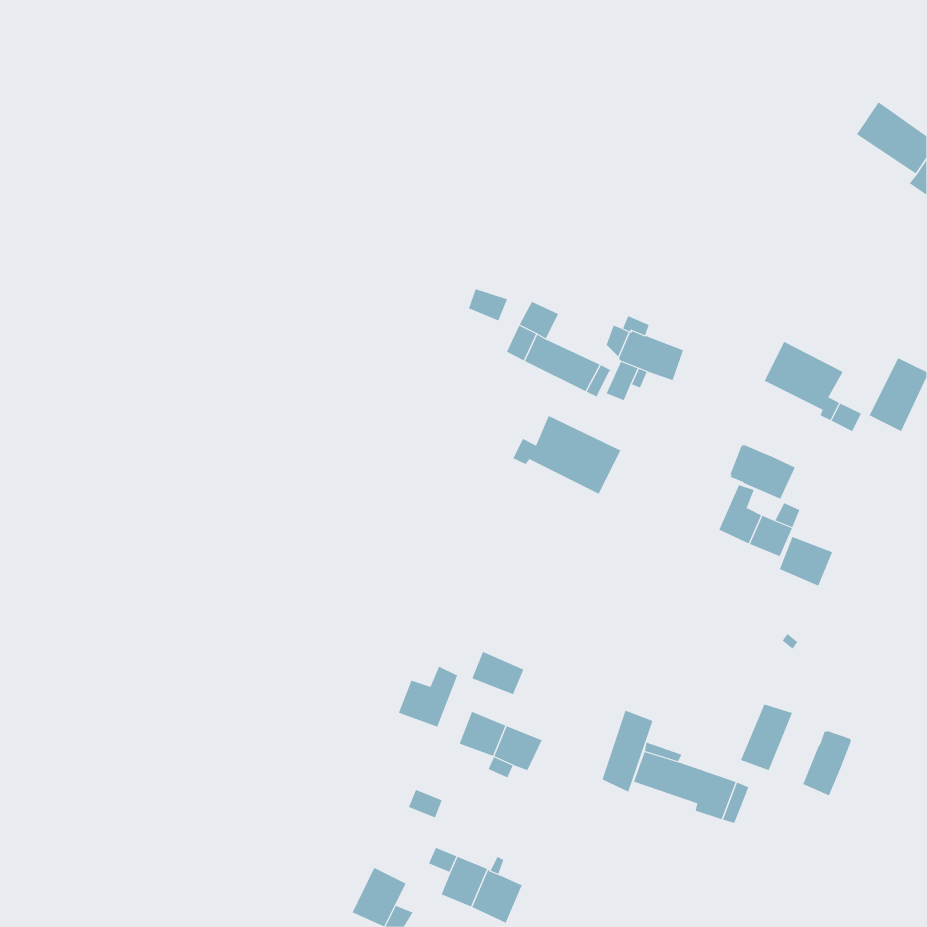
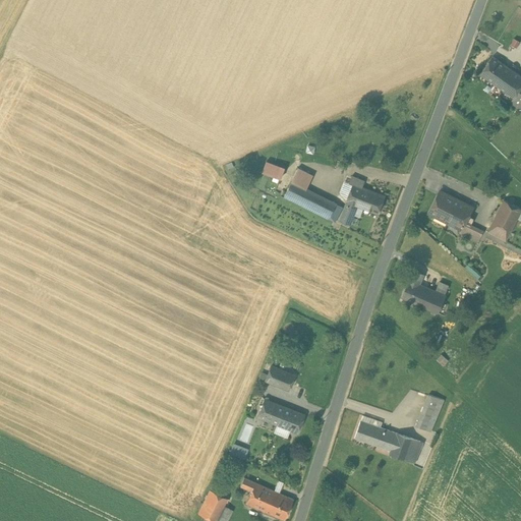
building: [513,415,621,494] -> none
building: [730,445,796,500] -> none
building: [779,536,833,587] -> none
building: [398,666,458,727] -> none
building: [602,710,653,792] -> none
building: [803,730,851,796] -> none

